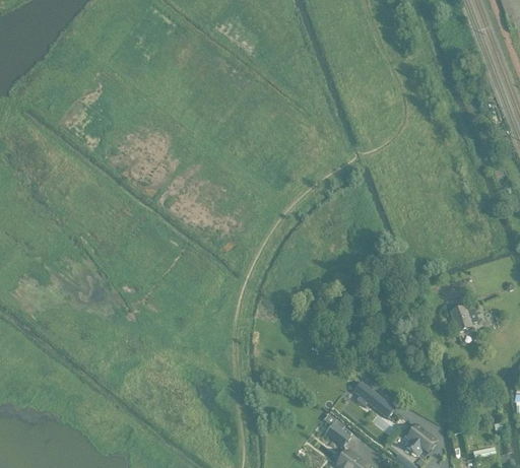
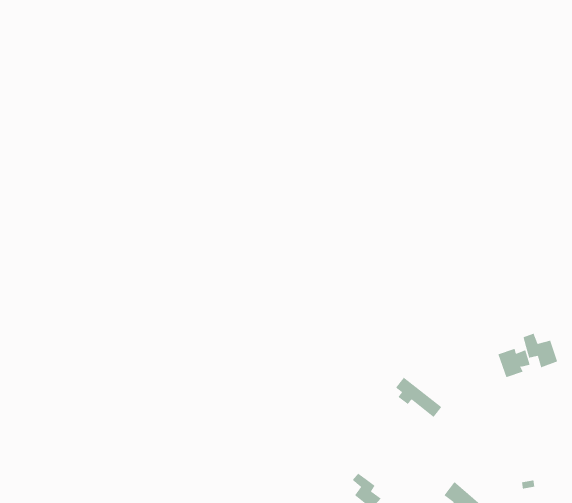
building: none -> [523,333,558,368]
building: [352,382,393,417] -> [395,377,442,418]

